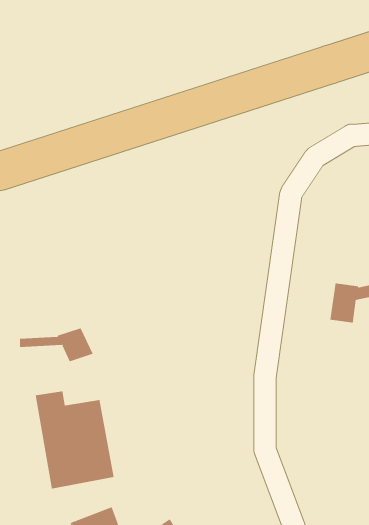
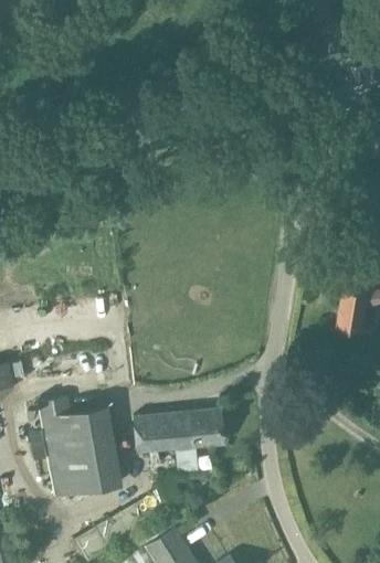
building: [19,327,93,362] -> none
building: none -> [135,408,229,476]

